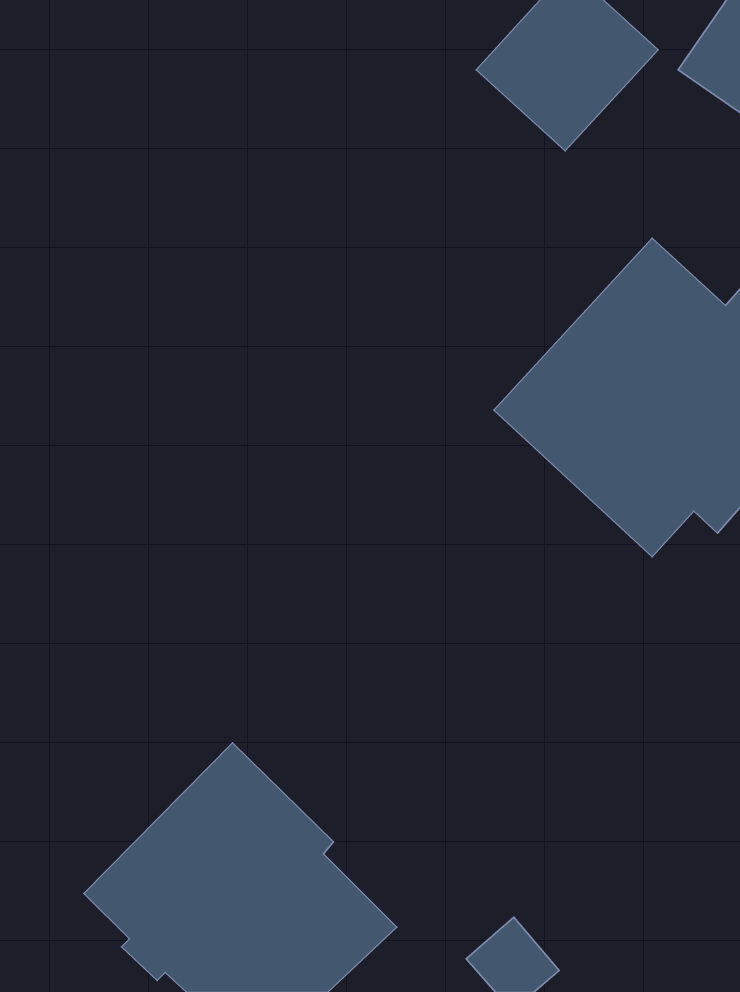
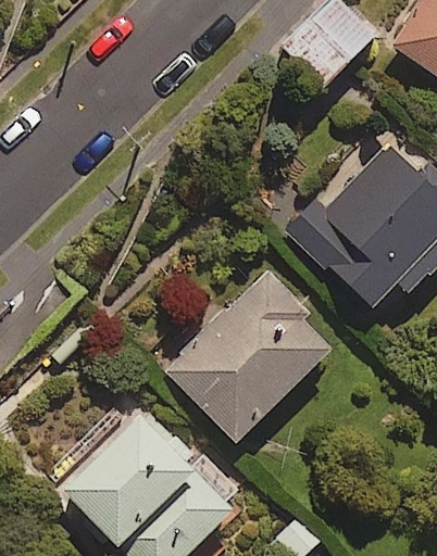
building: none -> [165,268,333,442]

